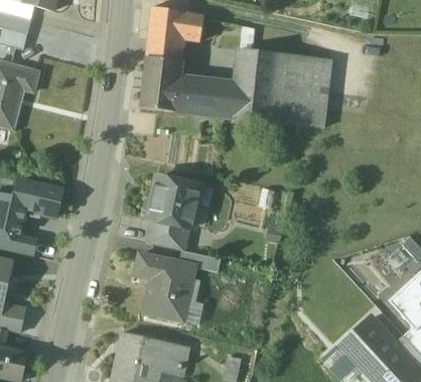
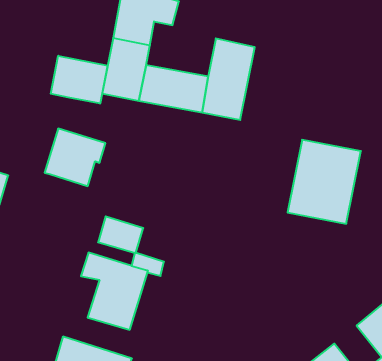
building: [269,53,331,127] -> [288,140,361,224]
building: none -> [51,56,108,104]
building: [148,176,201,227] -> [45,129,105,186]

